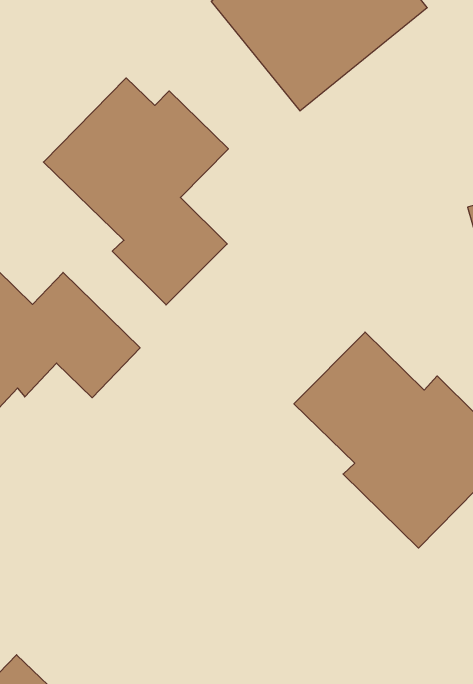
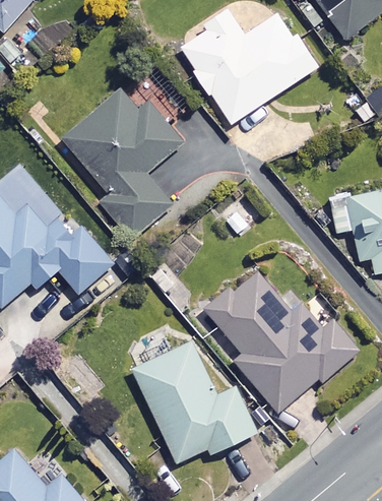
building: none -> [132,343,255,462]

